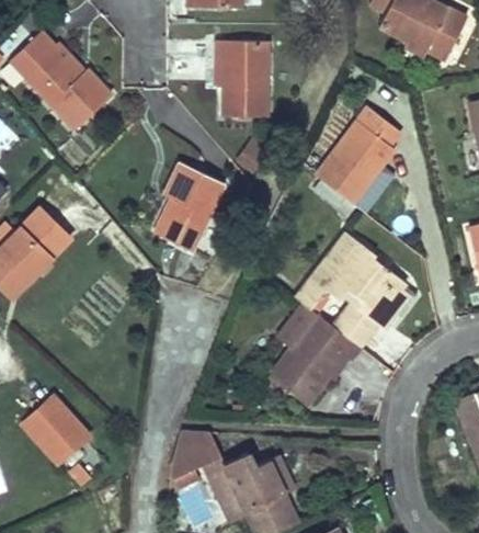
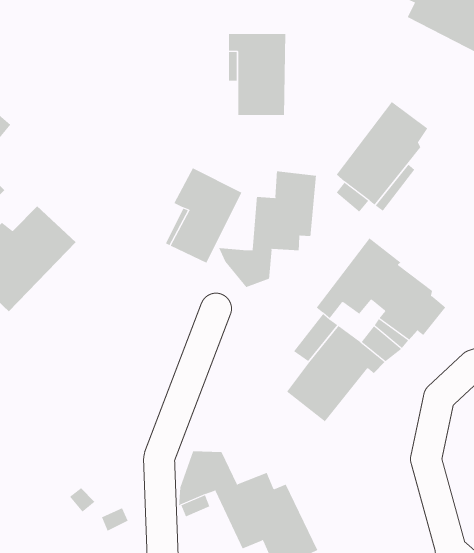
building: [11,32,112,131] -> none
building: none -> [218,170,316,288]
building: [26,395,92,462] -> none

